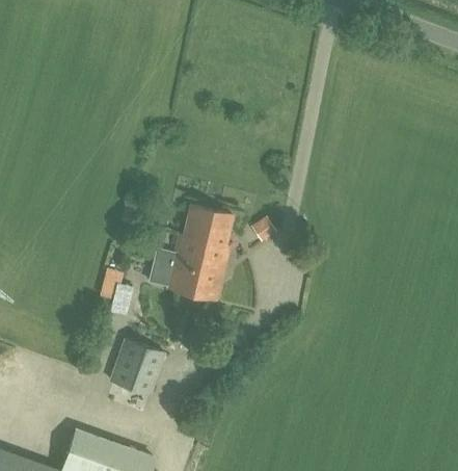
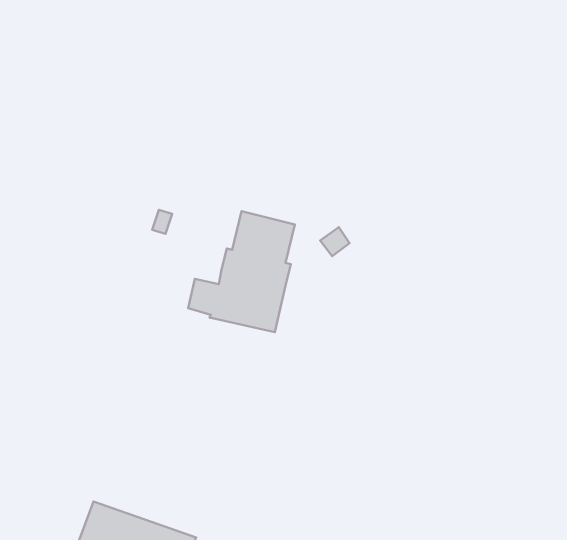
building: [111,339,165,394] -> none

